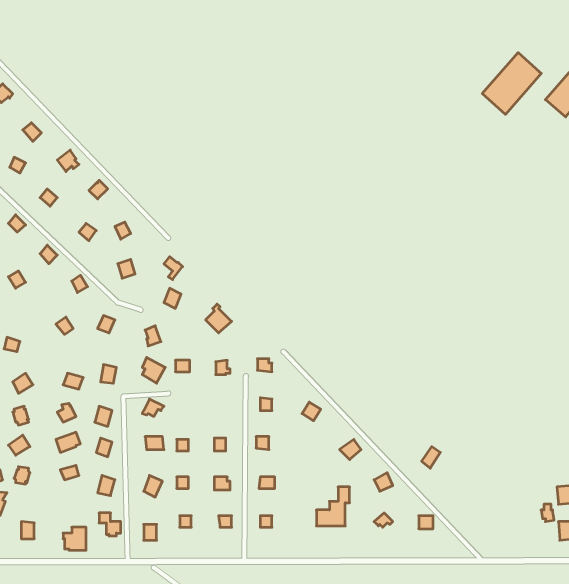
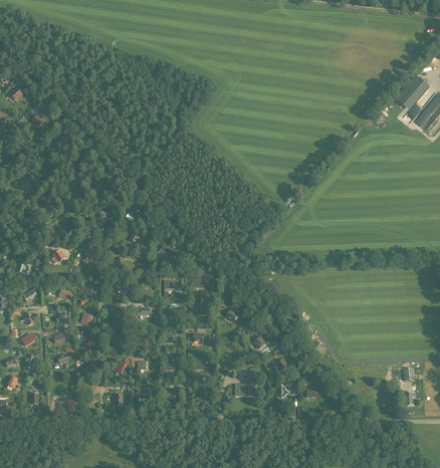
building: [482,53,541,114] -> none

